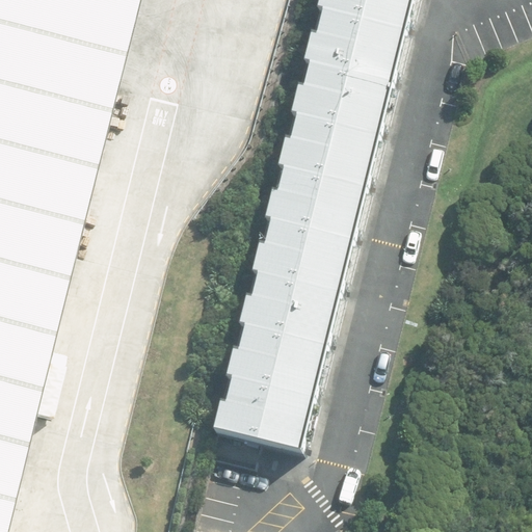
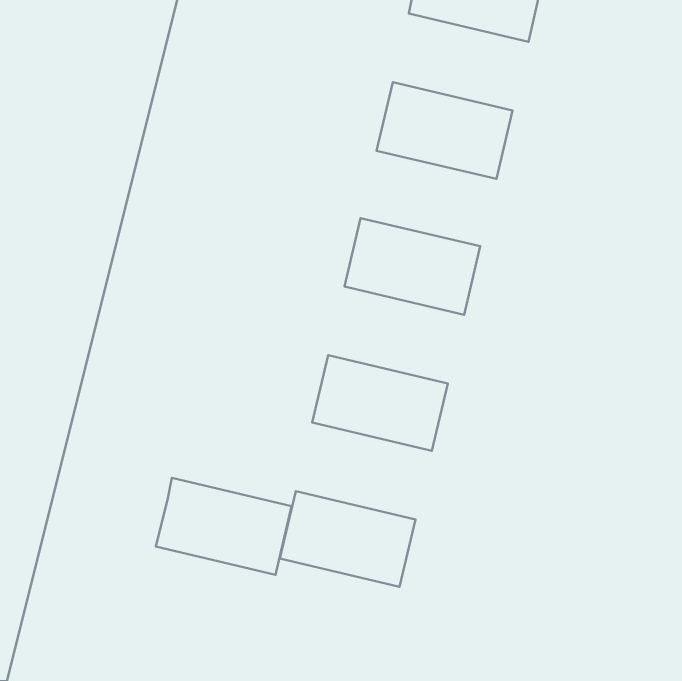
building: [303,10,408,85] -> none
building: [278,116,383,190] -> none
building: [254,221,358,296] -> none
building: [229,326,334,401] -> [156,478,292,575]

